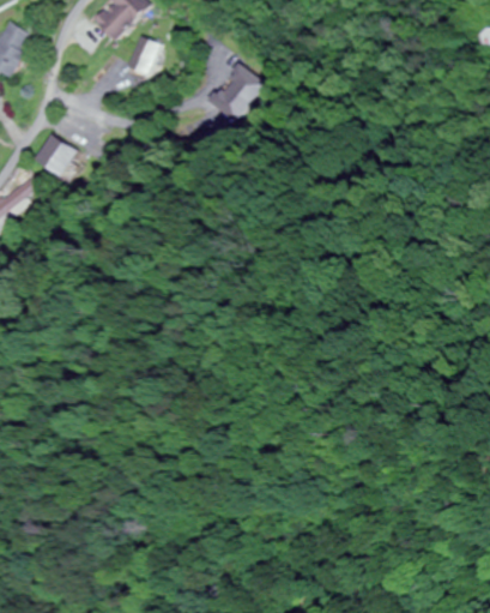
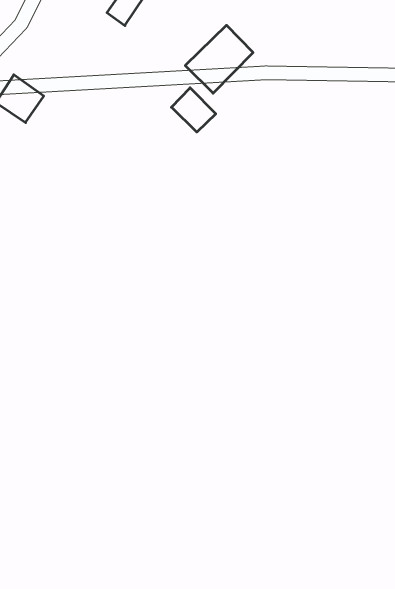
building: none -> [171,88,216,132]

